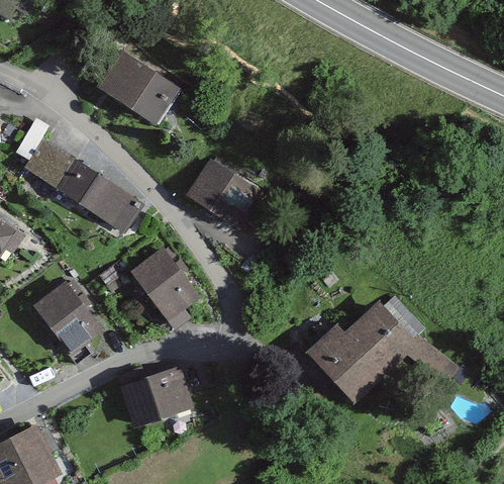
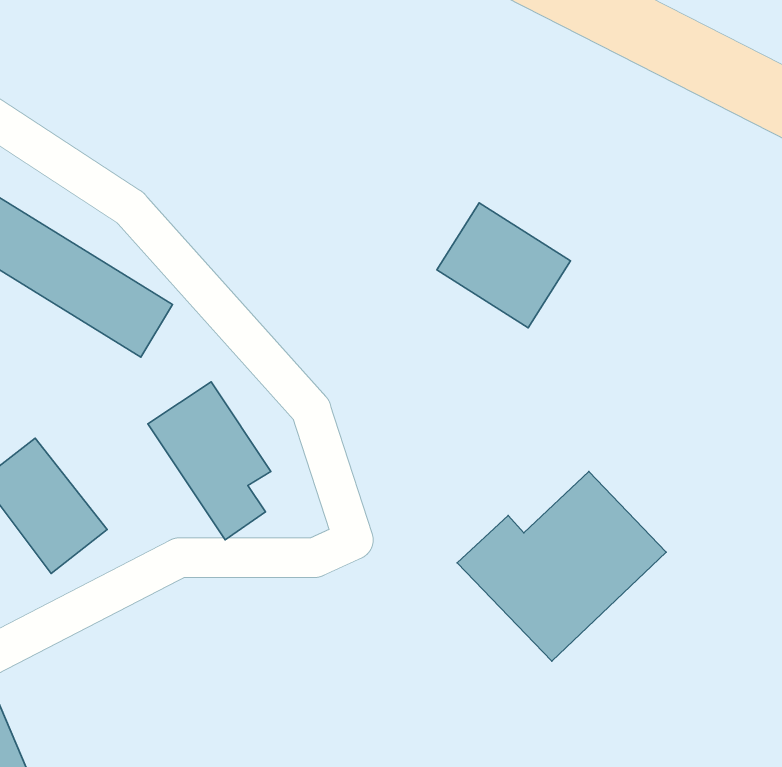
building: [98,50,179,123] -> none
building: [187,160,264,231] -> [437,203,570,328]
building: [119,365,198,429] -> none

